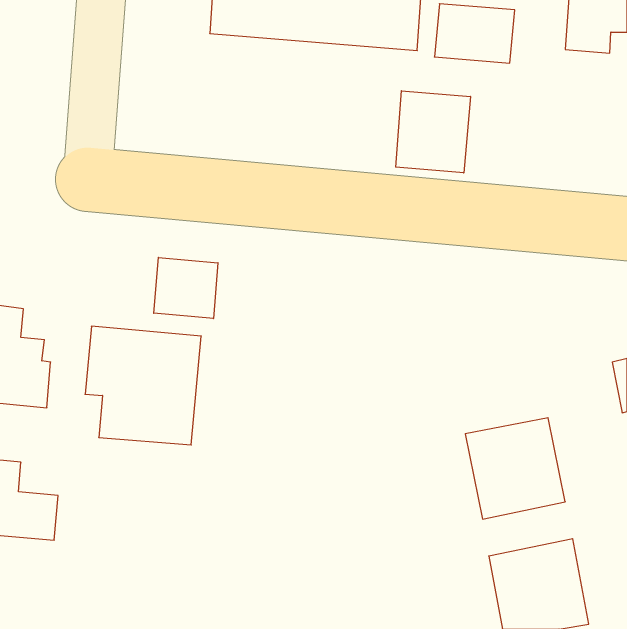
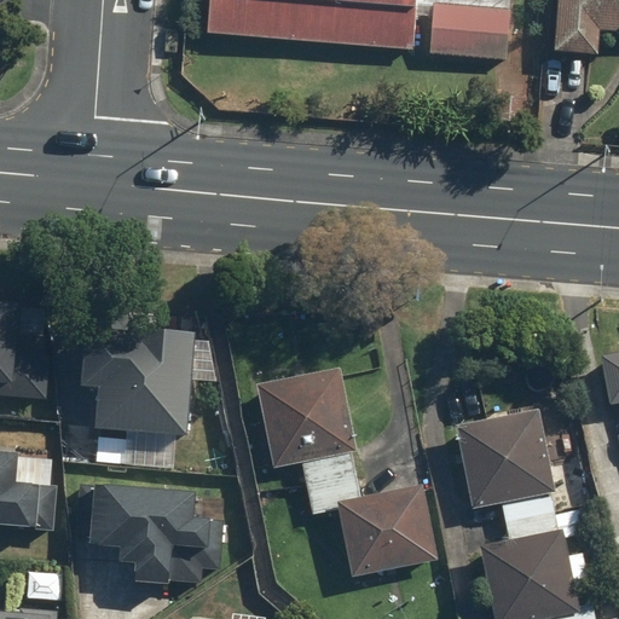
building: [396,91,470,173] -> none
building: [154,257,218,319] -> none
building: none -> [255,366,439,577]
building: none -> [75,481,225,584]

